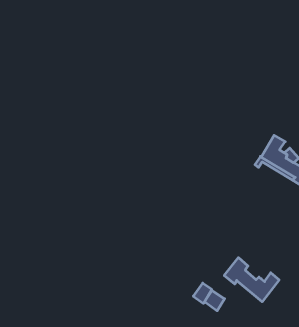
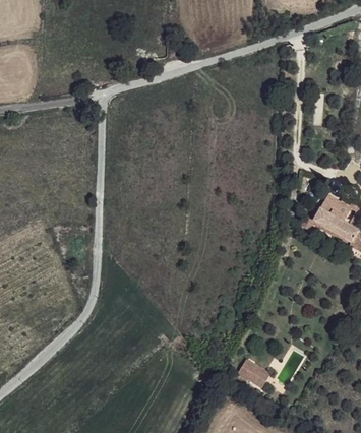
building: [224,258,279,302] -> none

